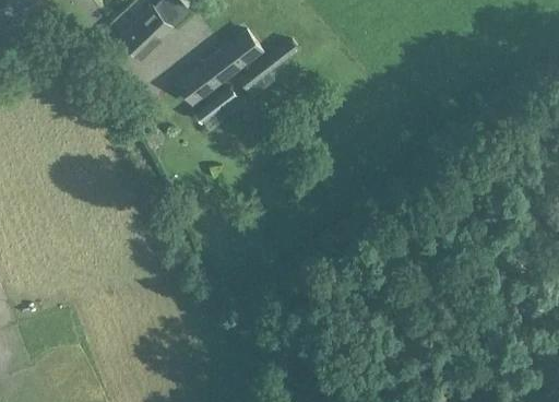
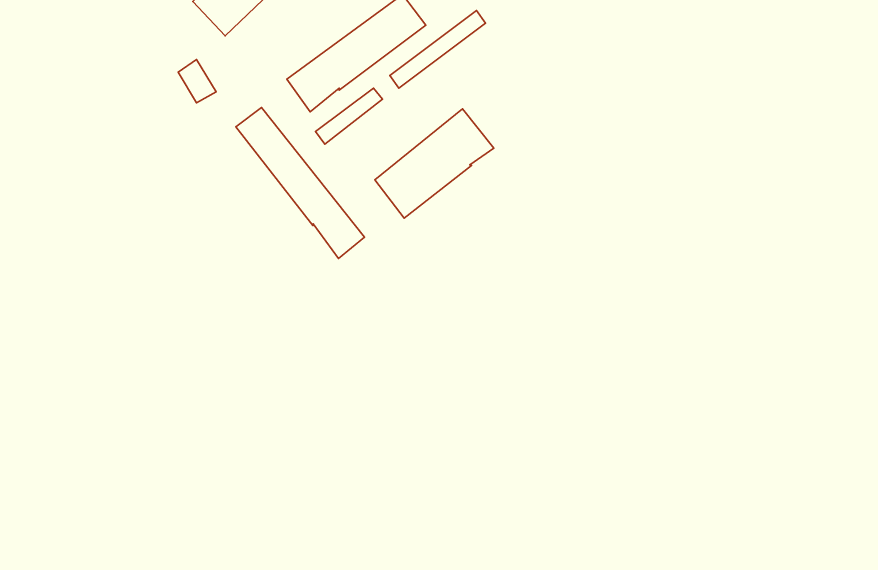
building: none -> [236,108,364,258]
building: none -> [375,109,494,218]

